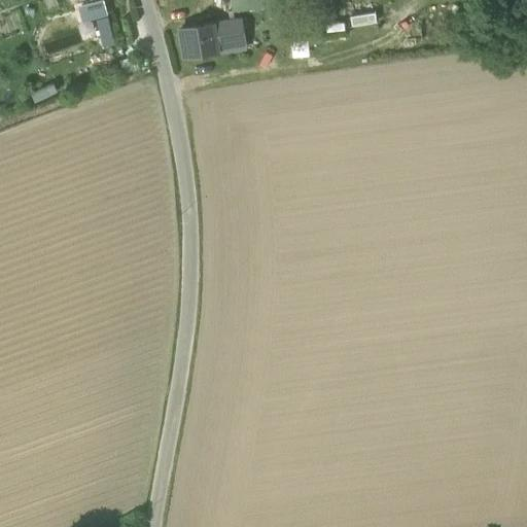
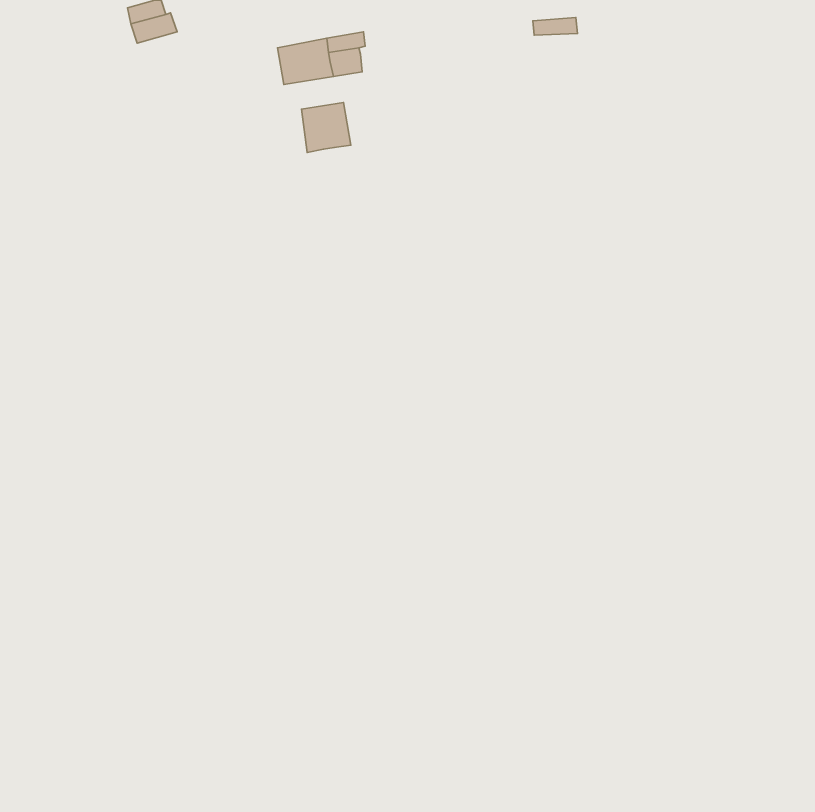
building: none -> [302,102,351,153]

